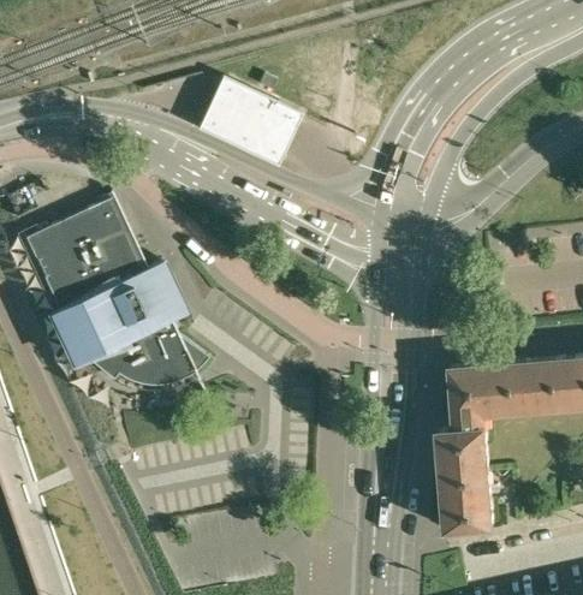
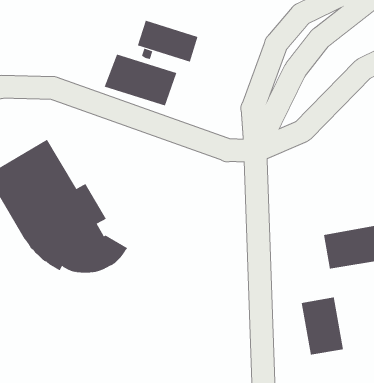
building: none -> [137,20,198,62]
building: [436,365,486,456] -> none

